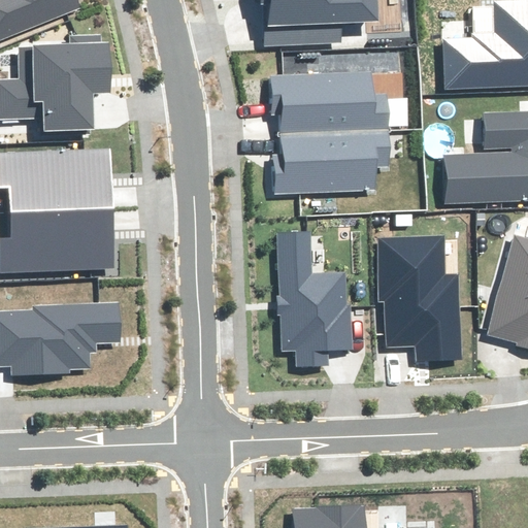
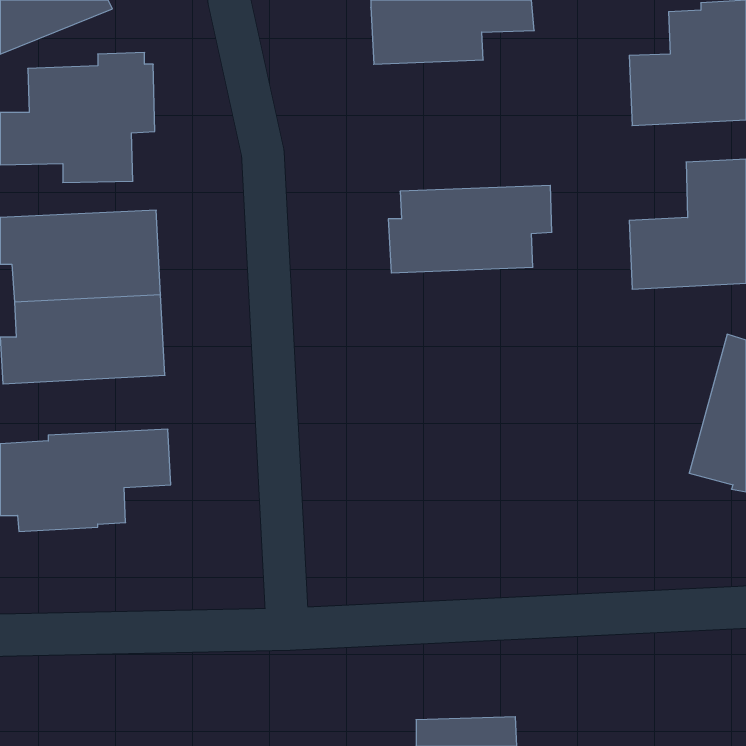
building: [271,72,389,135] -> none
building: [275,233,351,365] -> none
building: [380,237,461,360] -> none

